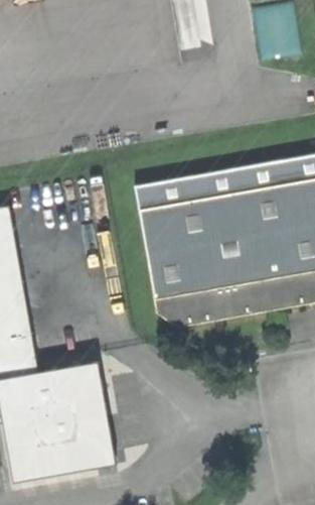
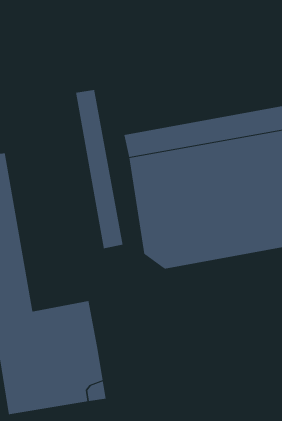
building: none -> [76,89,123,249]

